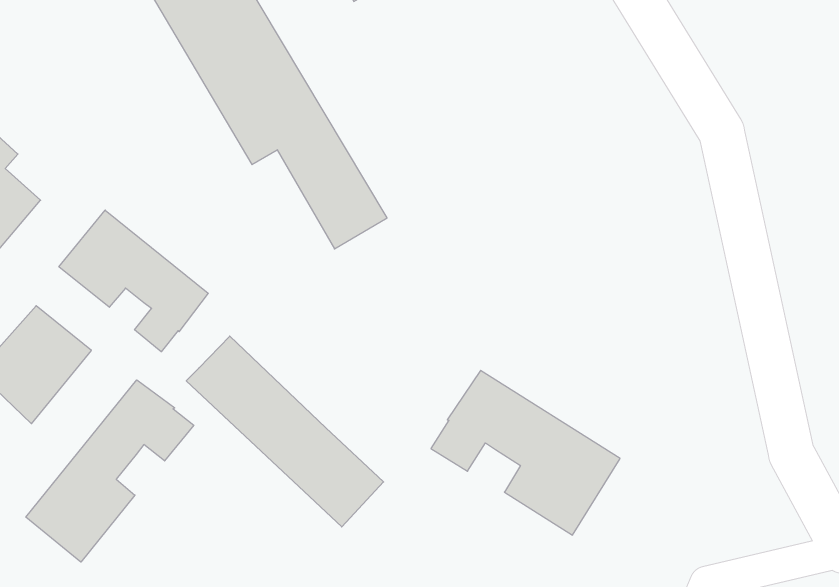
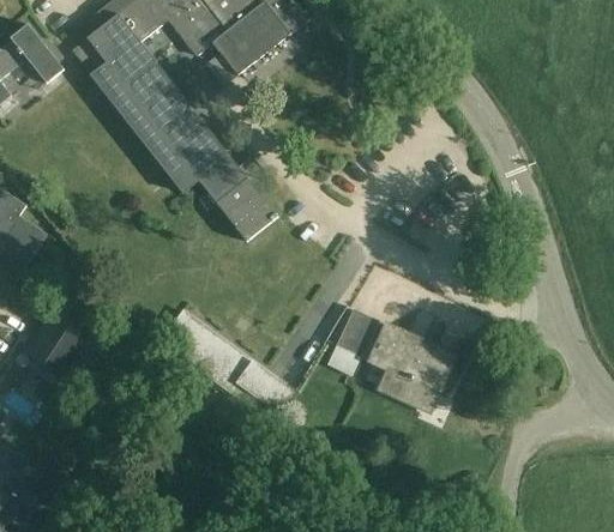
building: [59,210,208,352] -> none
building: [26,380,194,562] -> none

